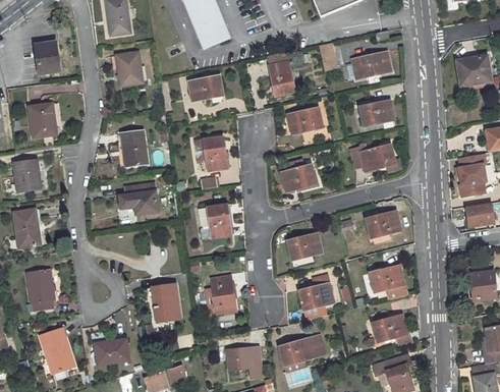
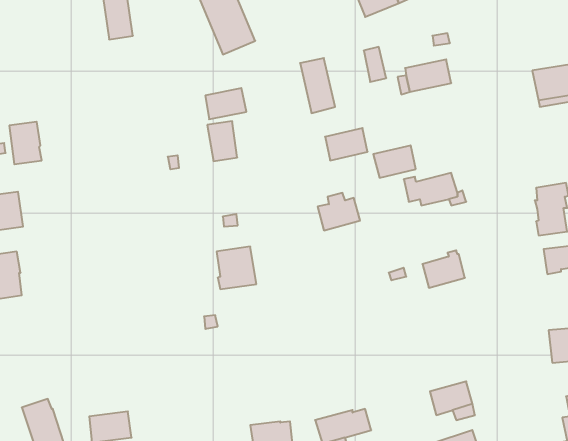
building: [35,42,59,73] -> none
building: [116,51,143,87] -> none
building: [359,100,394,126] -> [373,145,416,178]
building: [121,130,148,166] -> none
building: [203,137,227,170] -> [207,121,237,161]
building: [119,183,158,214] -> none
building: [286,233,321,261] -> none
building: [370,265,404,292] -> none
building: [26,270,54,312] -> none
building: [206,276,236,314] -> none
building: [298,283,334,311] -> none
building: [153,284,180,322] -> none

